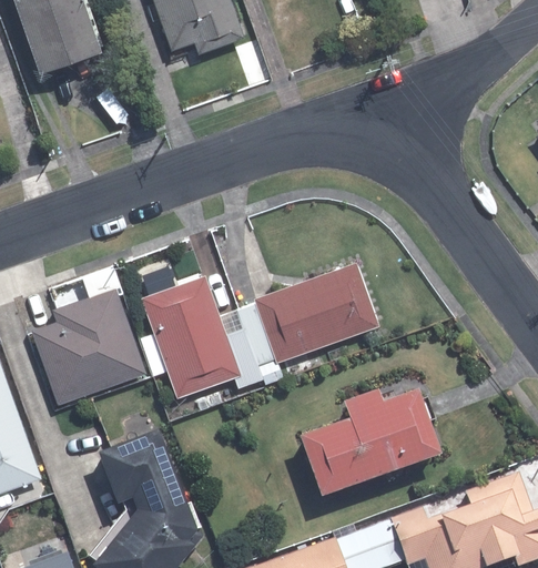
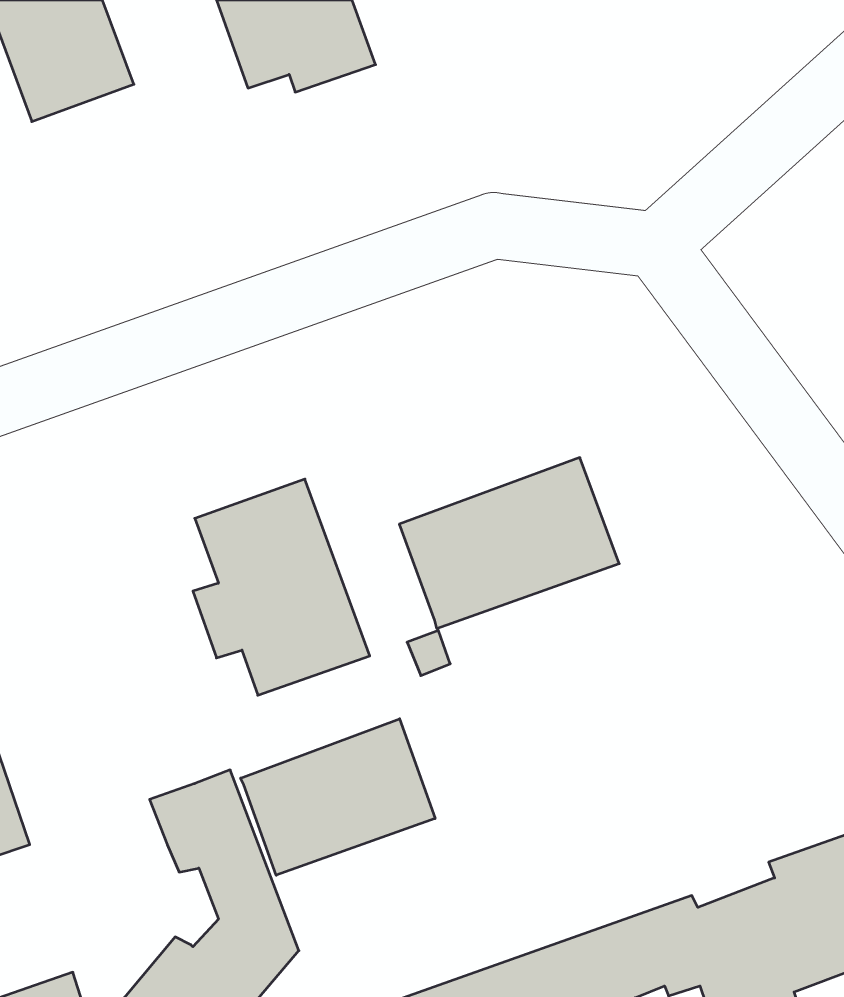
building: [37,298,144,402] -> none
building: [297,389,438,495] -> none
building: none -> [241,719,435,875]

